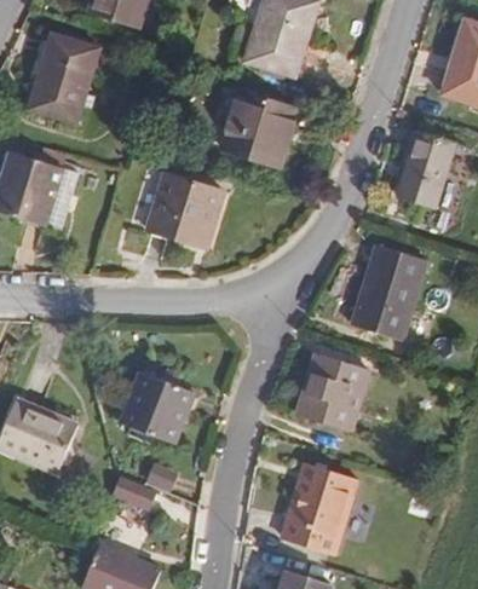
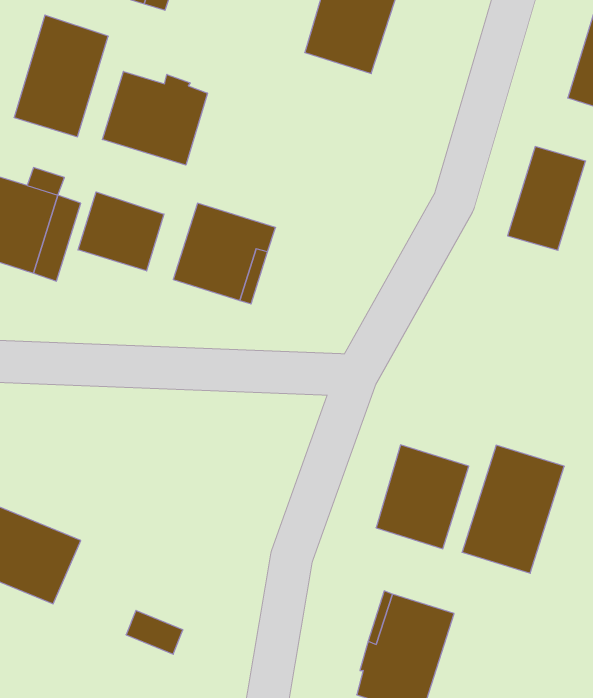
building: none -> [102,71,207,165]
building: [220,91,288,166] -> none
building: none -> [78,192,164,271]
building: [350,244,426,340] -> [462,445,564,573]
building: [121,371,192,443] -> none

